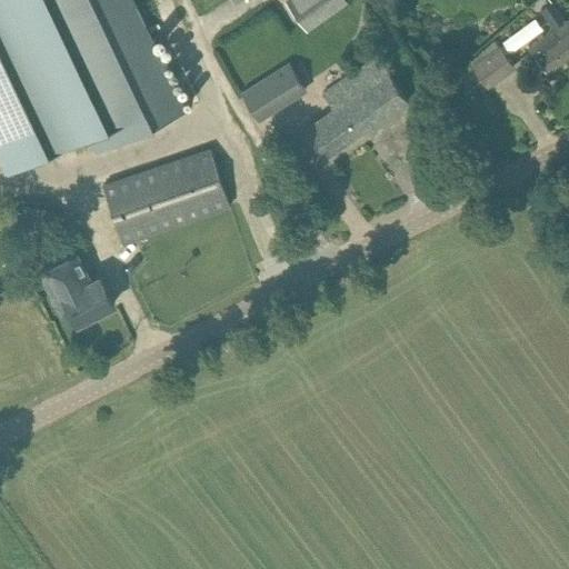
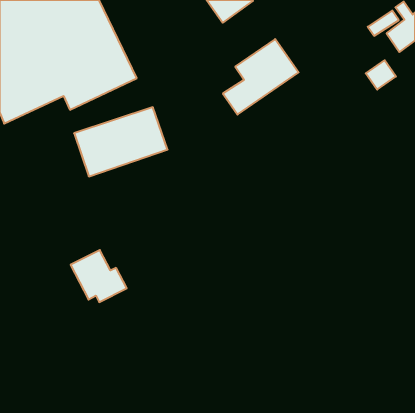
building: [471,48,512,88] -> [366,60,396,90]
building: [240,64,305,121] -> none
building: [37,253,113,325] -> [71,250,127,302]

